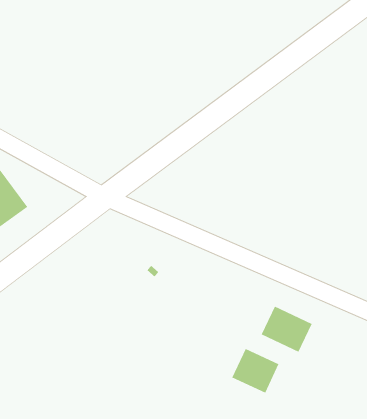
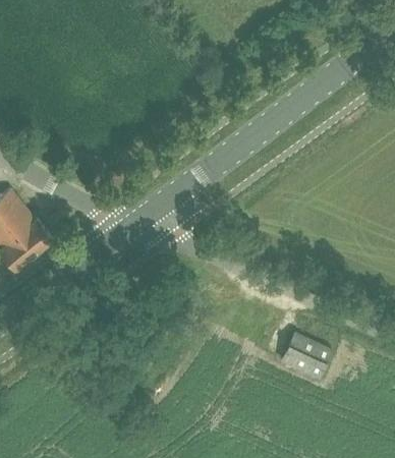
building: [232,348,279,394] -> none

